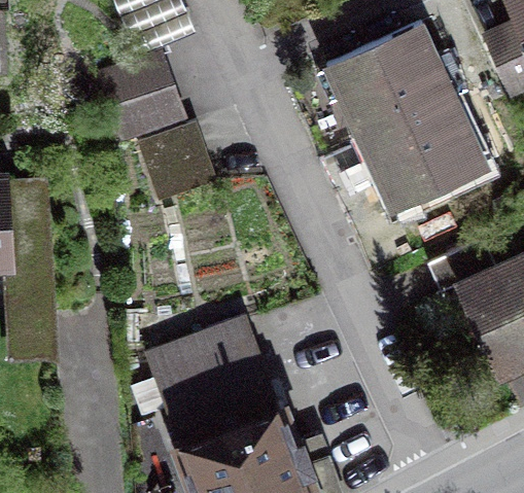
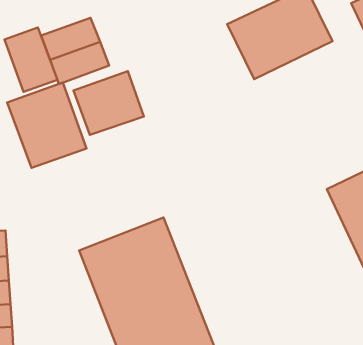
building: none -> [4,28,57,92]
building: [358,91,492,210] -> none
building: none -> [7,83,87,168]

